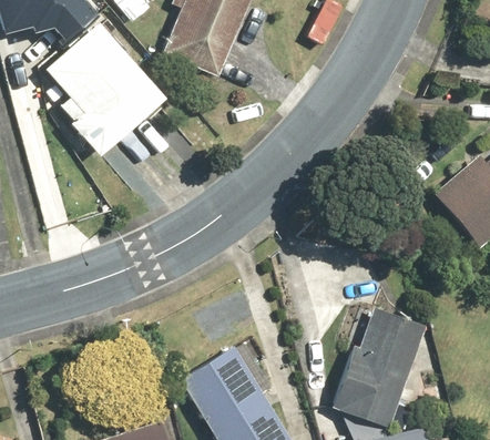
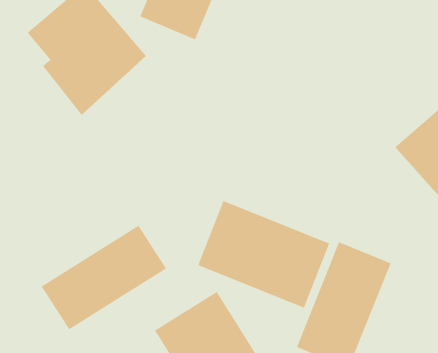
building: none -> [197,200,330,309]
building: none -> [41,225,167,330]

